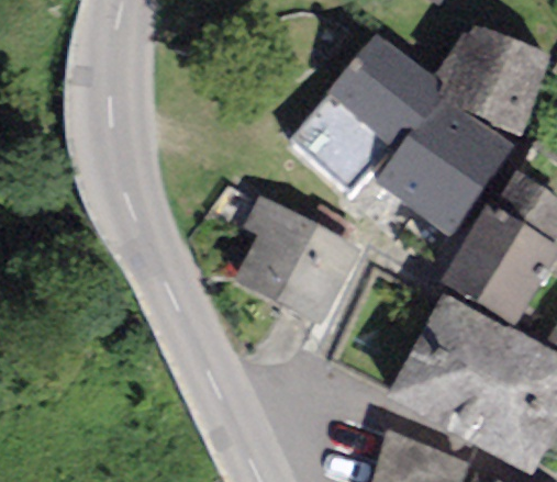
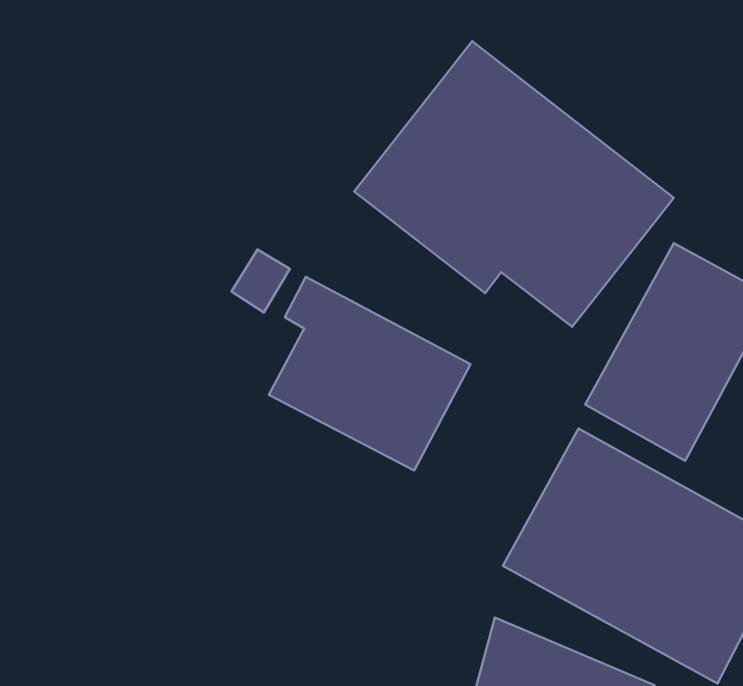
building: [443,20,549,122] -> none

